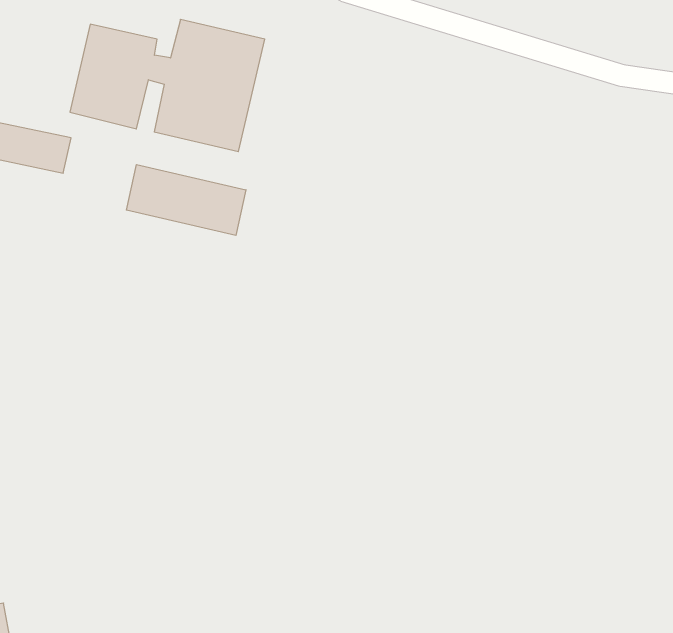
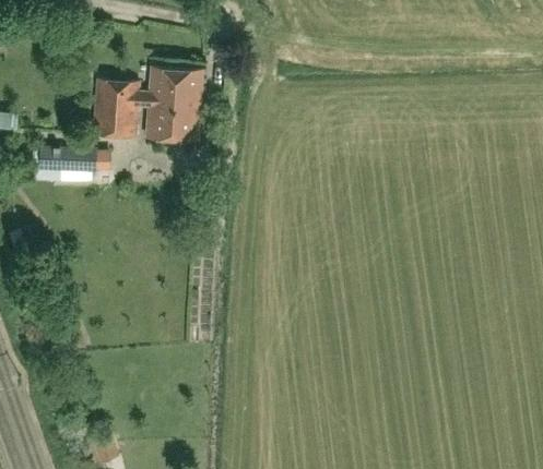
building: [126,165,246,235] -> none

